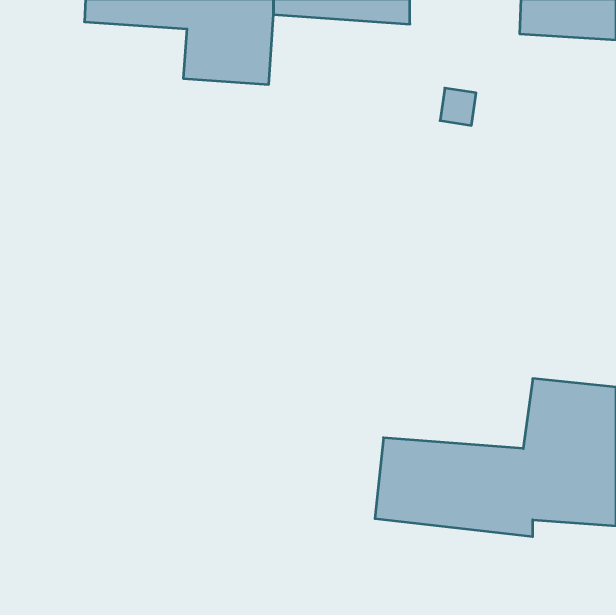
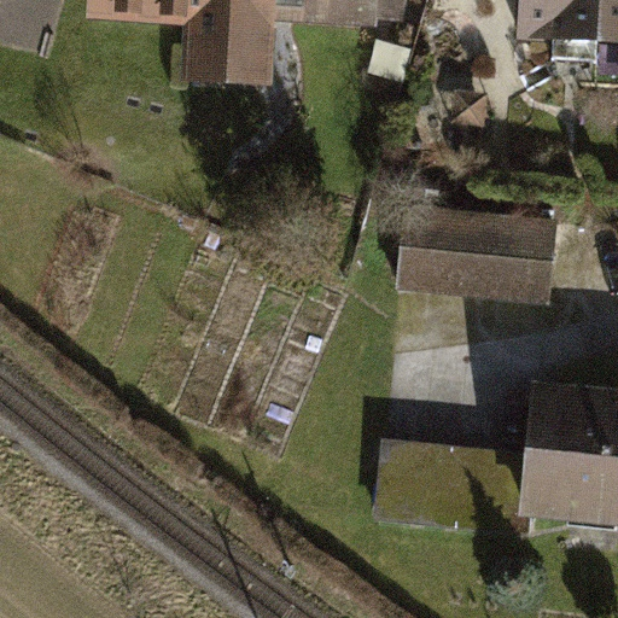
building: none -> [397,200,560,305]

